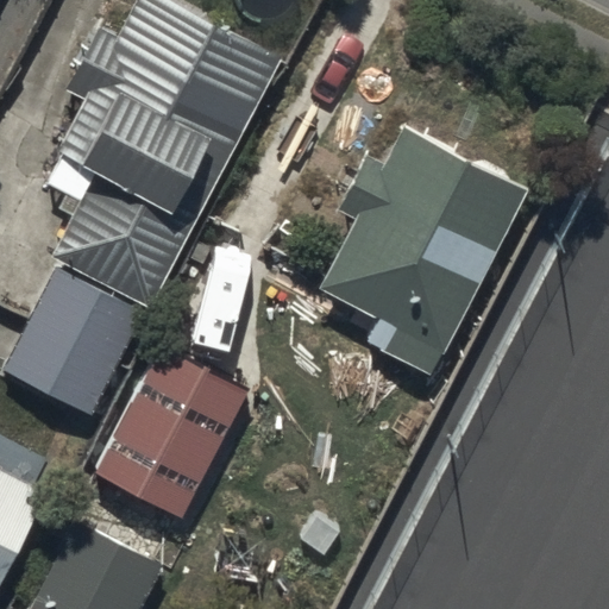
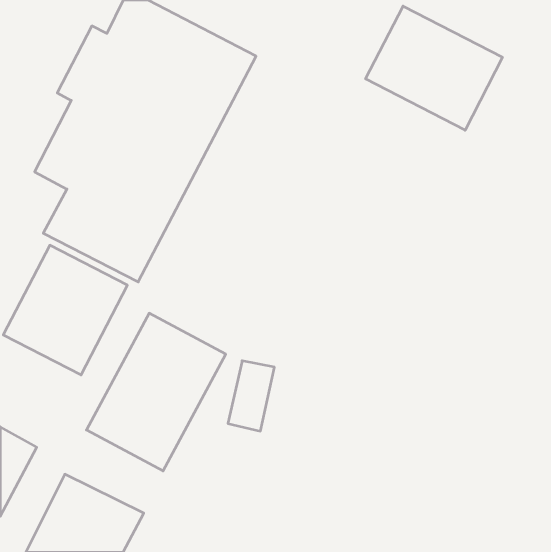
building: none -> [366,6,502,130]
building: [319,128,525,372] -> none

